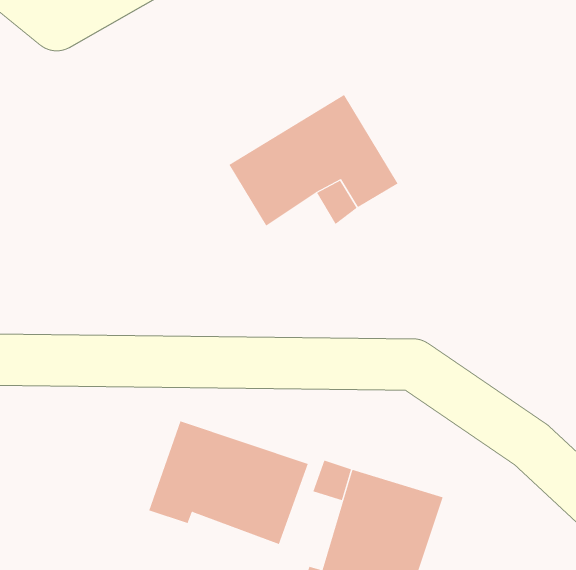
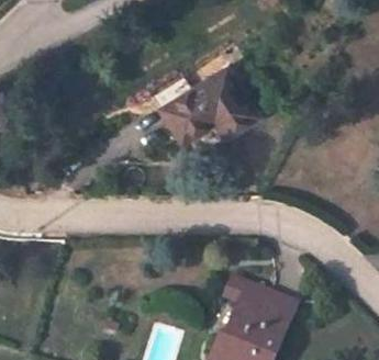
building: [148,421,309,545] -> none

